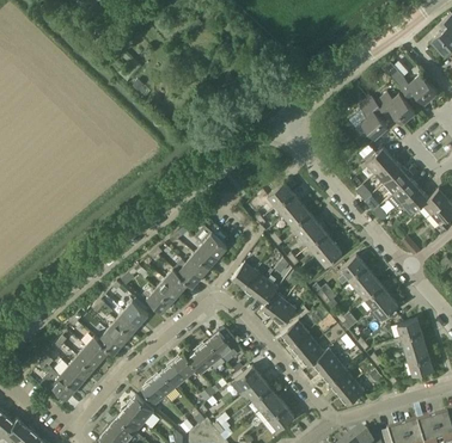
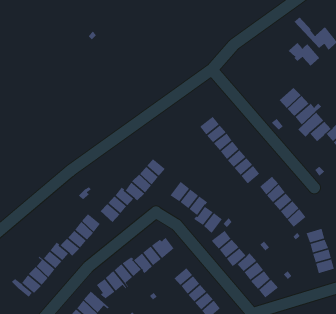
building: [355,98,387,137] -> none

